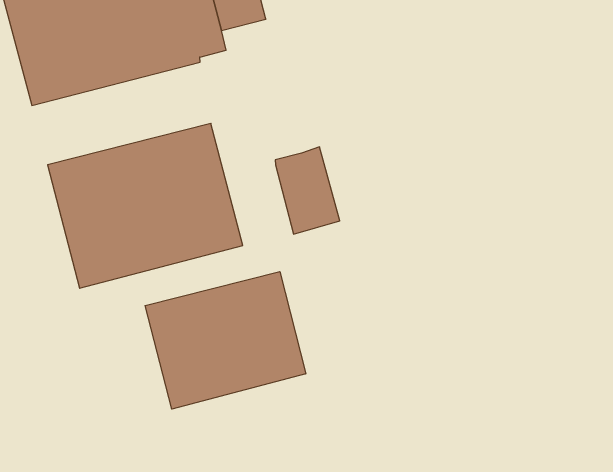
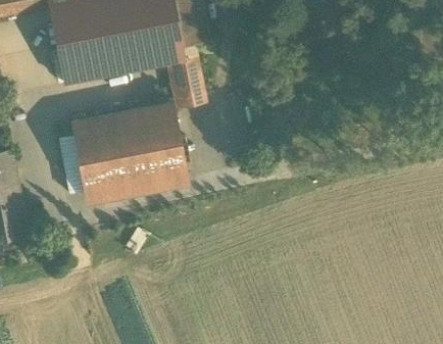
building: [275,147,340,234] -> [167,57,204,109]
building: [145,272,306,409] -> none

